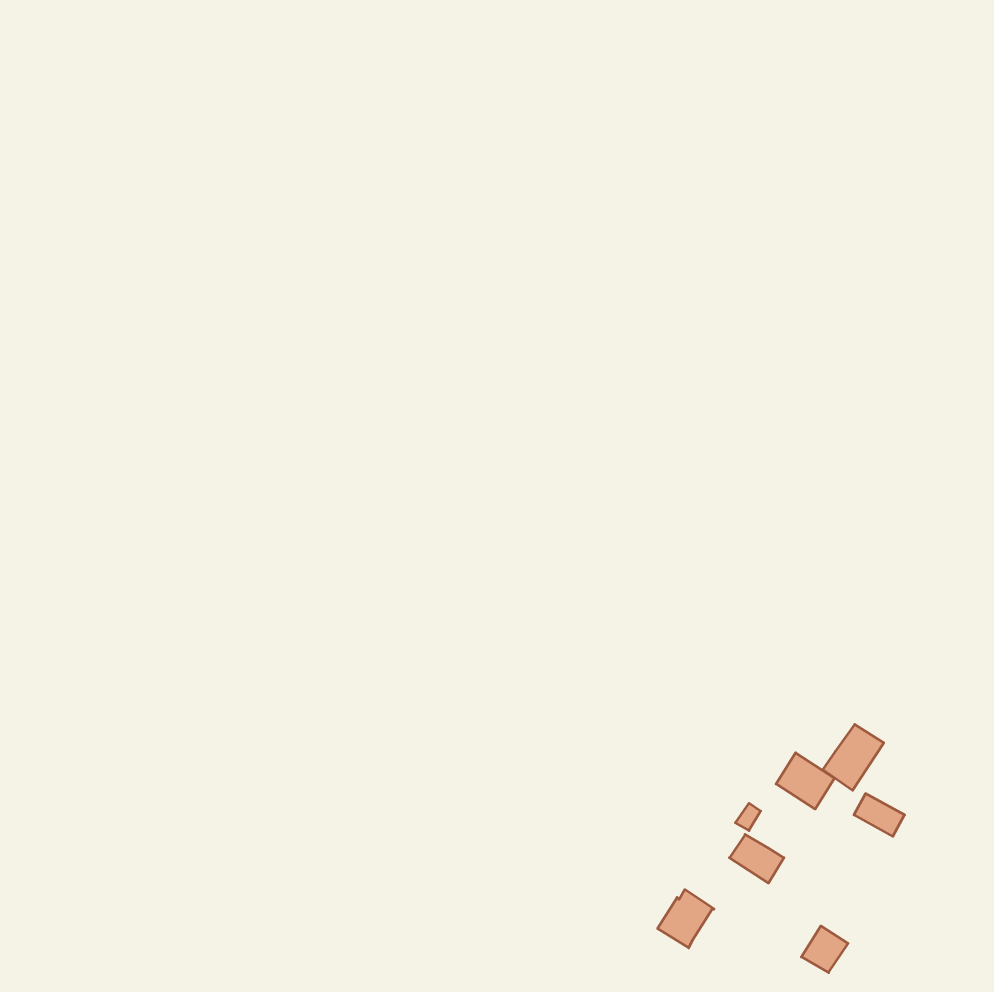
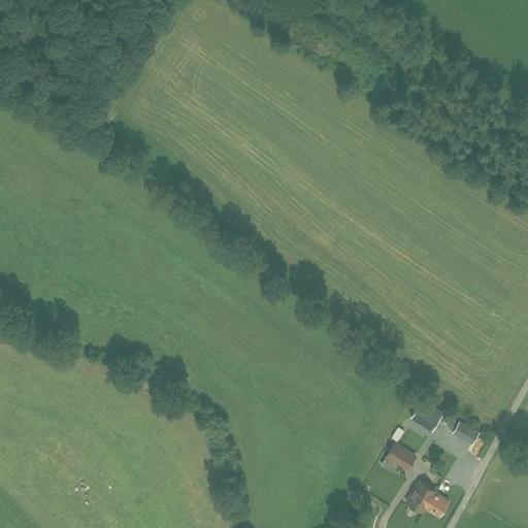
building: [823,724,884,790] -> none
building: [658,890,714,948] -> [406,482,436,513]

